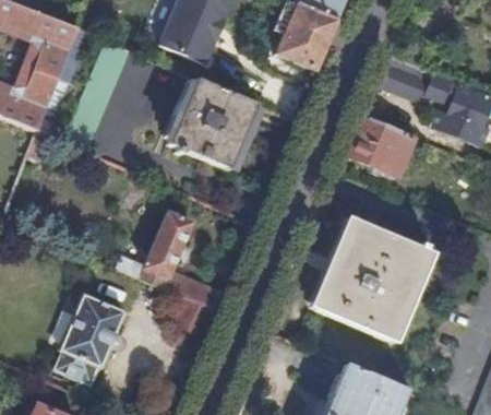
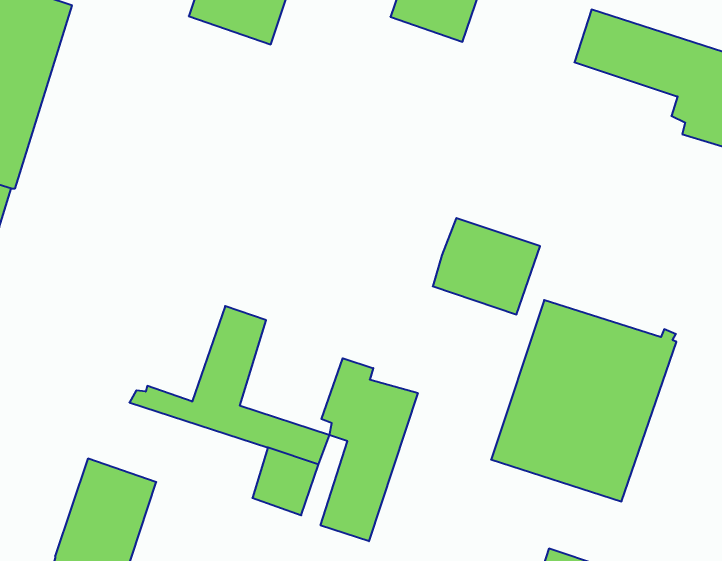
building: [169,76,258,168] -> none
building: [350,119,414,177] -> [433,218,540,314]
building: none -> [321,358,418,541]

